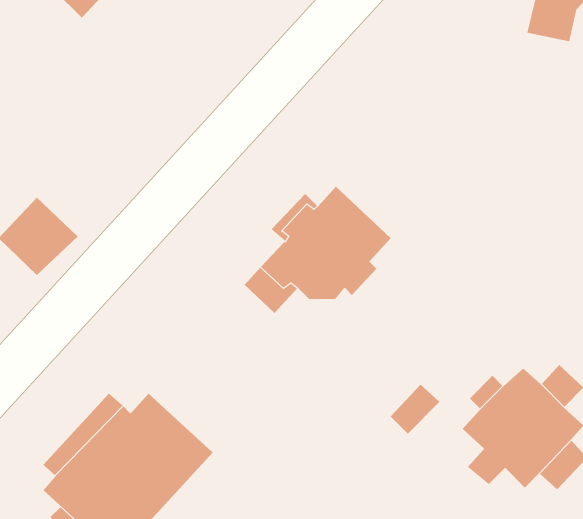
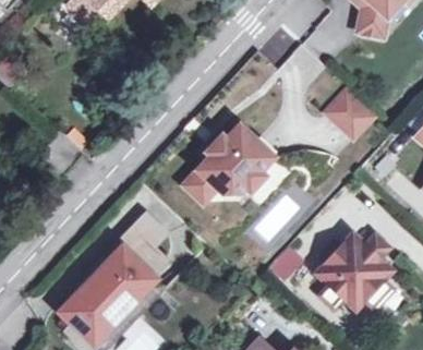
building: none -> [327,89,374,137]
building: none -> [123,216,165,271]

